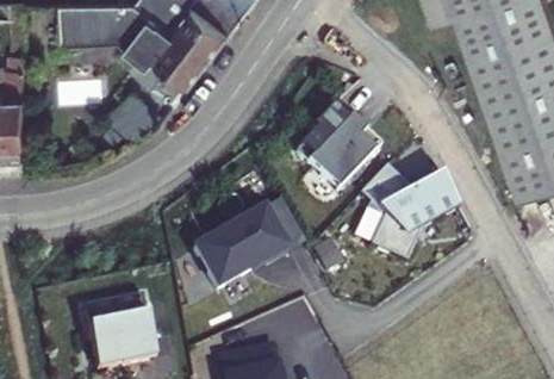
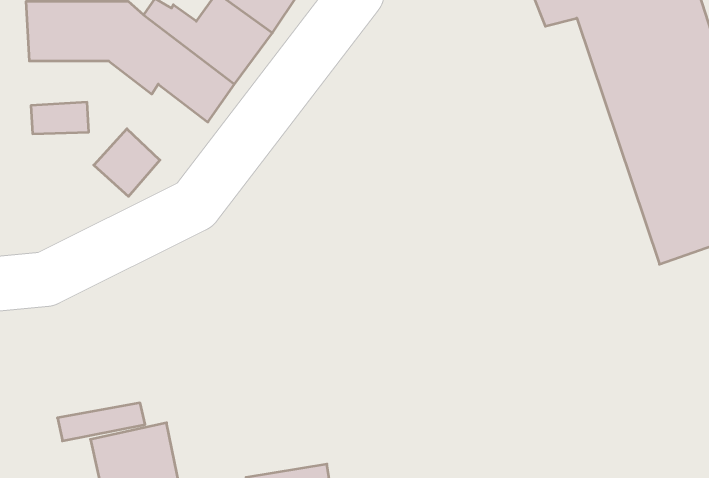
building: [286,105,375,184] -> none
building: [354,160,459,259] -> none
building: [191,200,290,287] -> none

